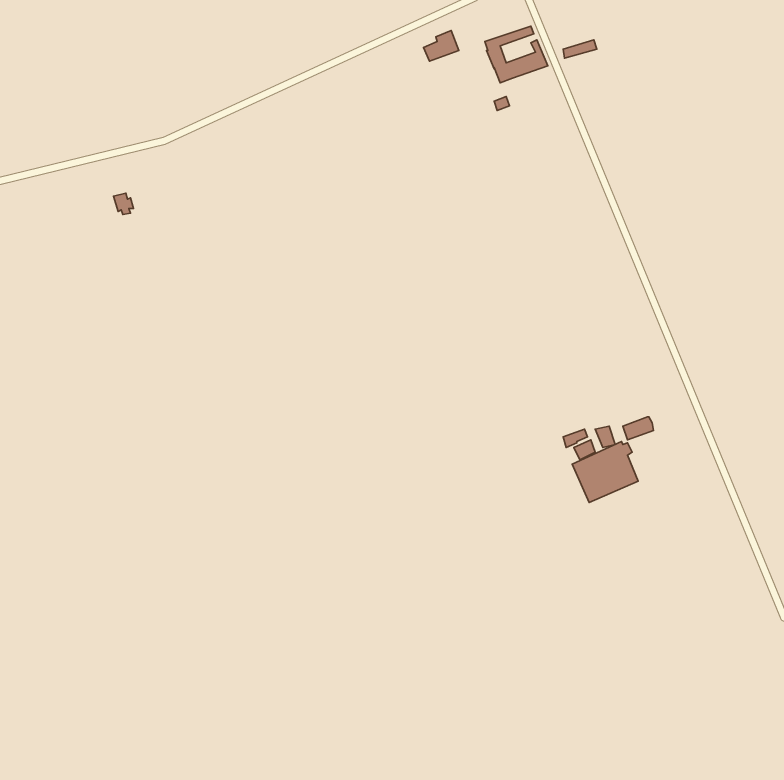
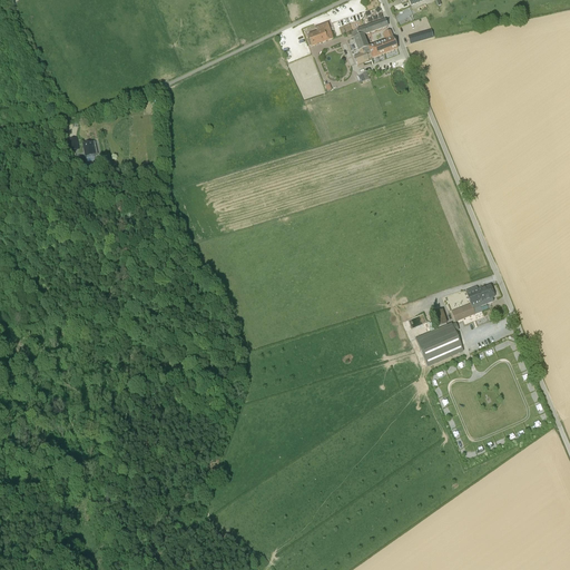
building: none -> [464,283,497,307]

